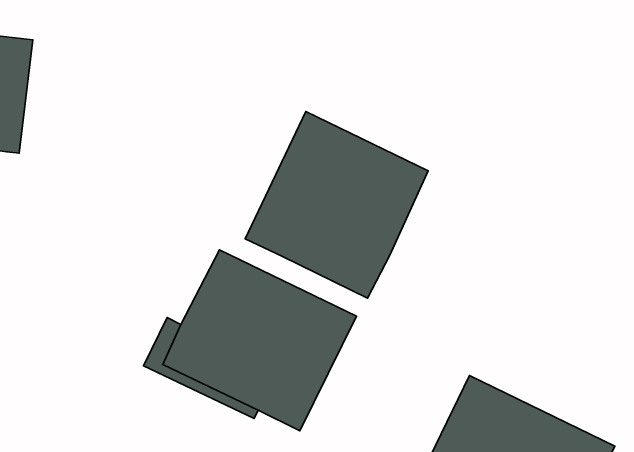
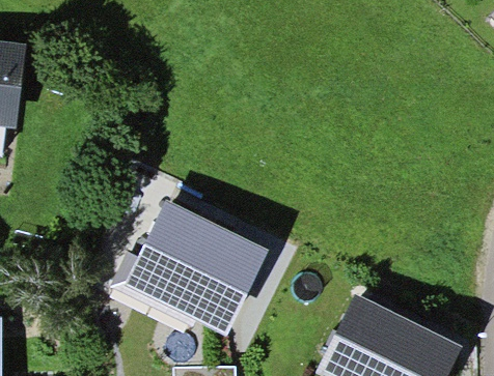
building: [245,112,428,298] -> none

